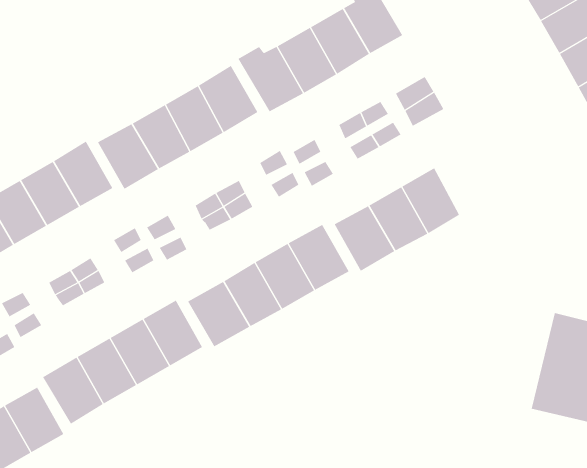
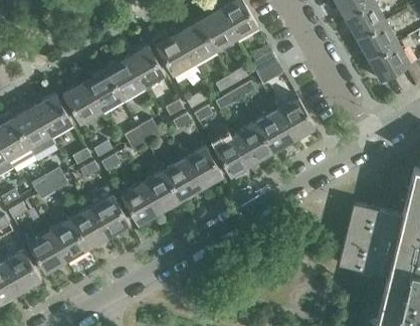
building: none -> [277,99,316,141]

